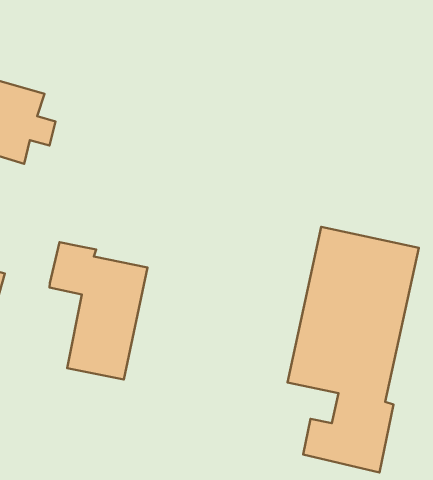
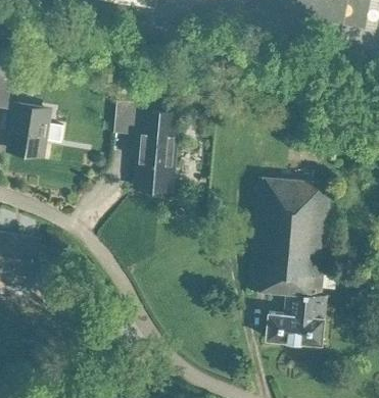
building: [49,242,148,380] -> [112,98,180,189]

